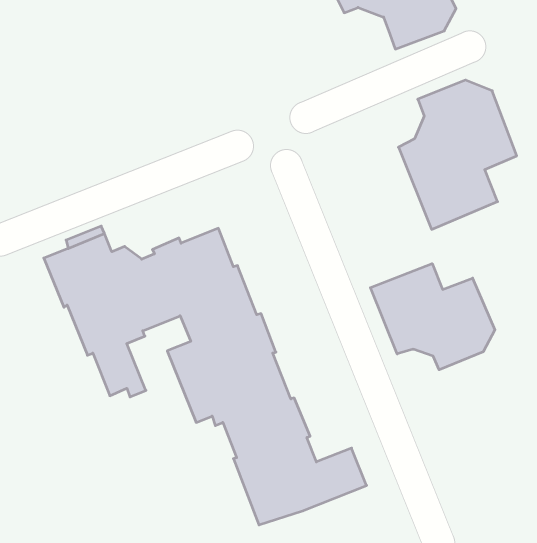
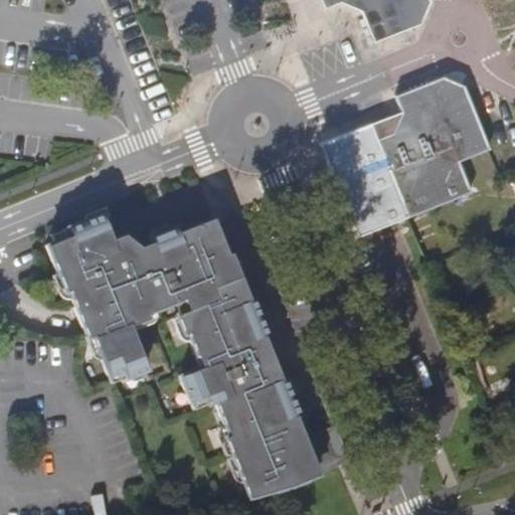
building: none -> [325,110,414,236]
building: [370,264,495,370] -> none

